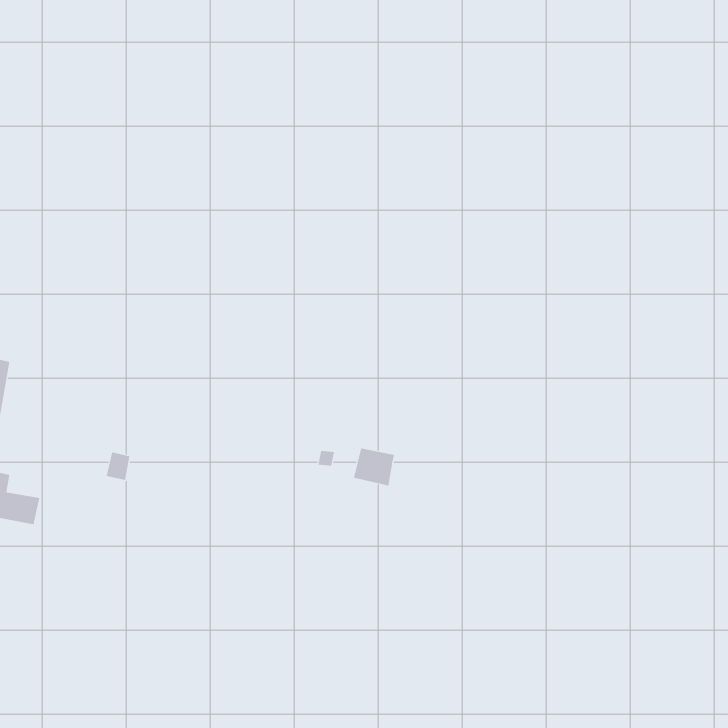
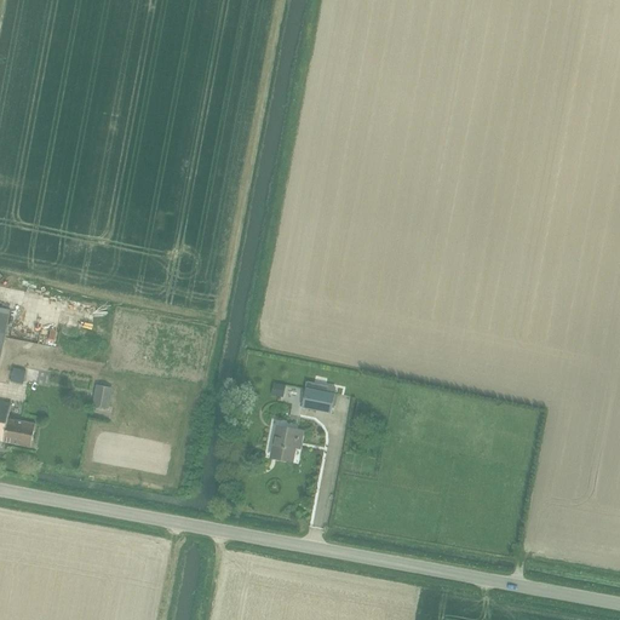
building: none -> [270,426,298,459]

